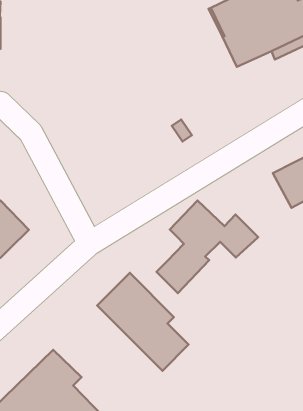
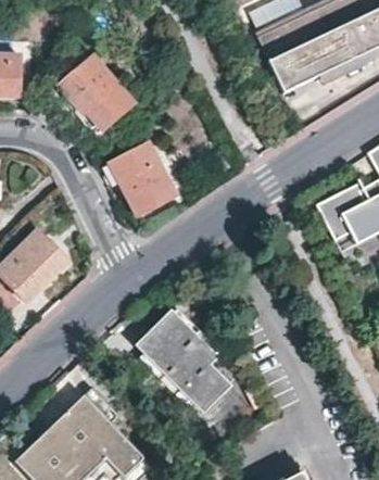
building: none -> [58,56,134,131]
building: none -> [108,142,175,217]
building: [157,201,258,293] -> none

